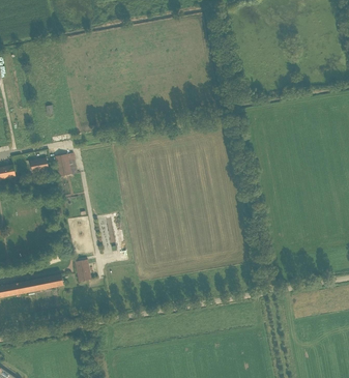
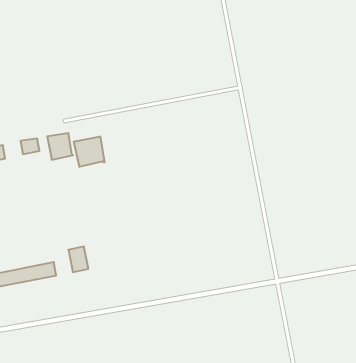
building: none -> [74,136,105,167]

